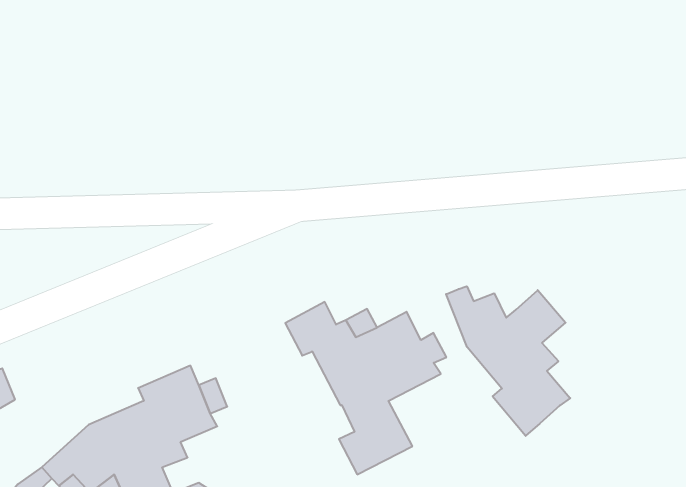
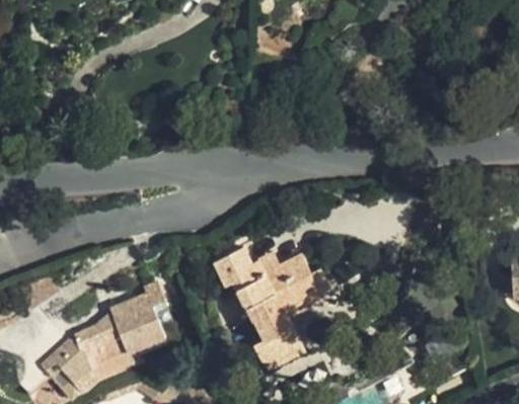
building: [446,286,570,436] -> none

